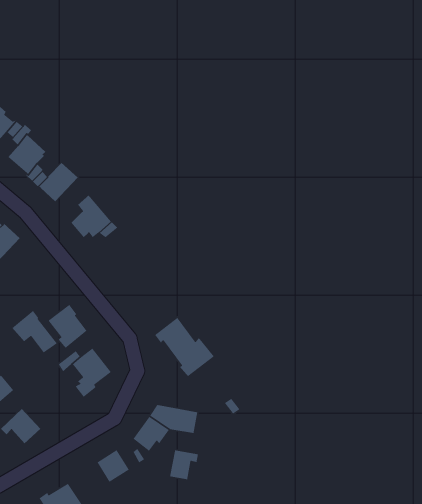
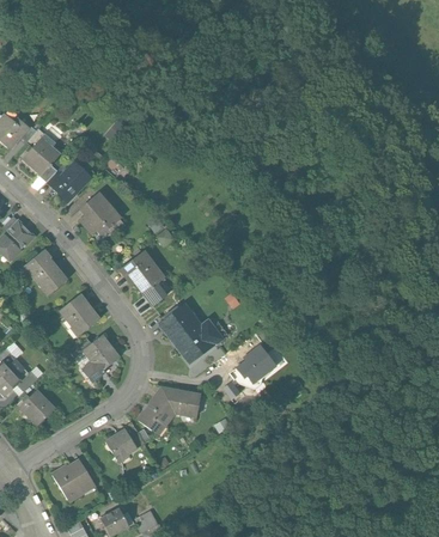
building: none -> [120,251,160,292]
building: [11,310,58,354] -> [24,249,67,289]
building: none -> [239,344,275,385]
building: [169,449,199,480] -> none

